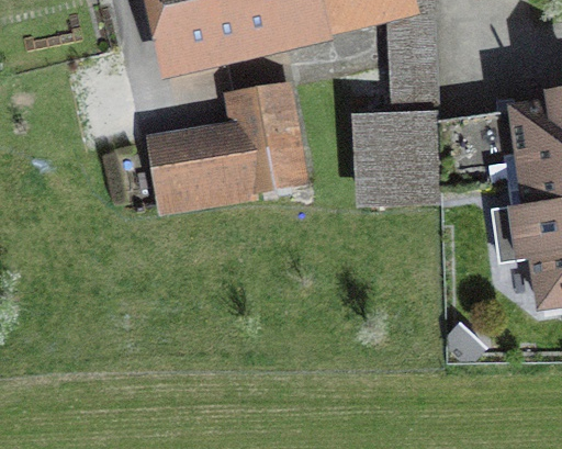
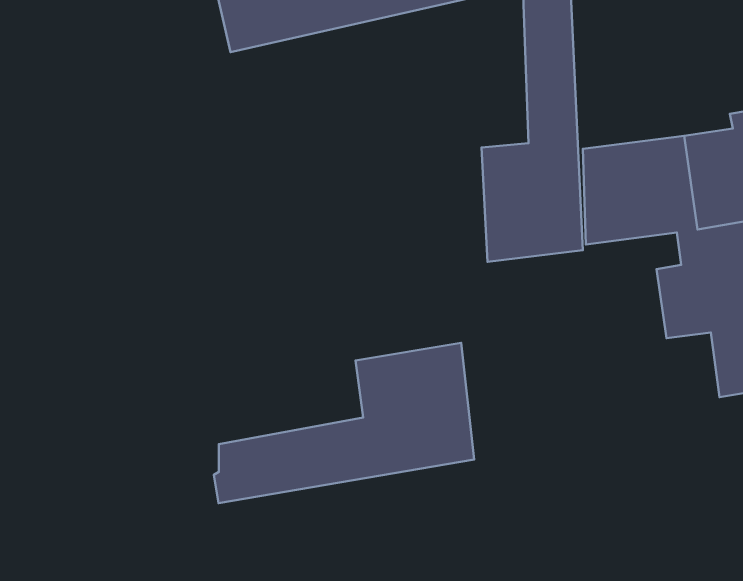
building: [151,93,297,207] -> none
building: none -> [214,343,474,503]

